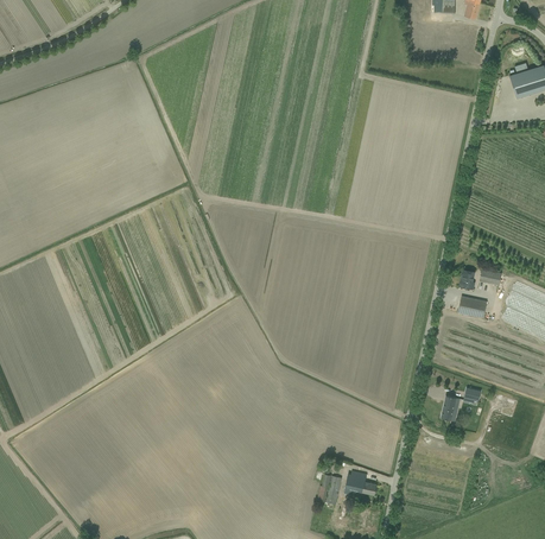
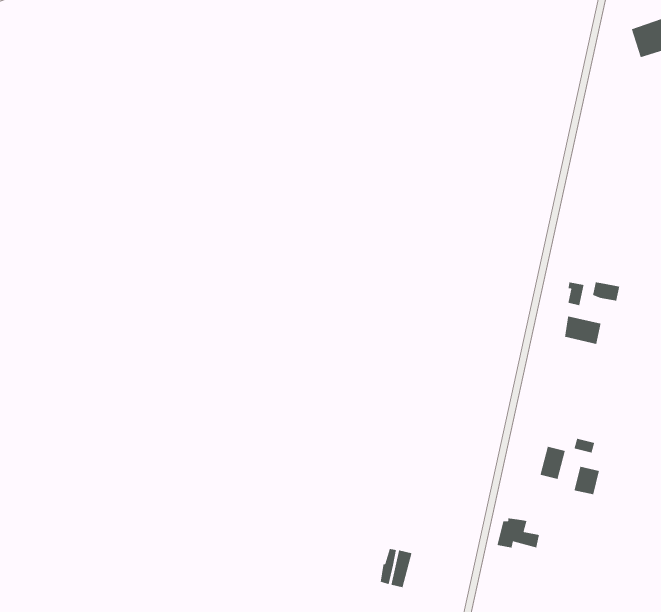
building: [343,471,376,495] -> [497,517,540,548]

